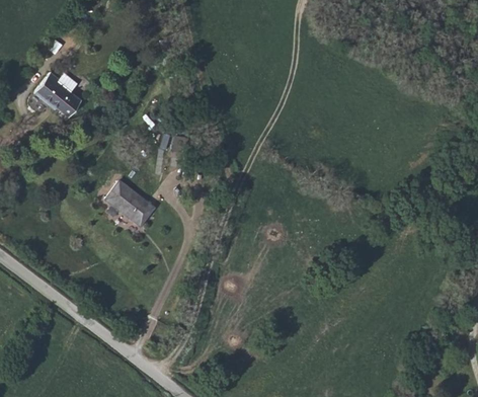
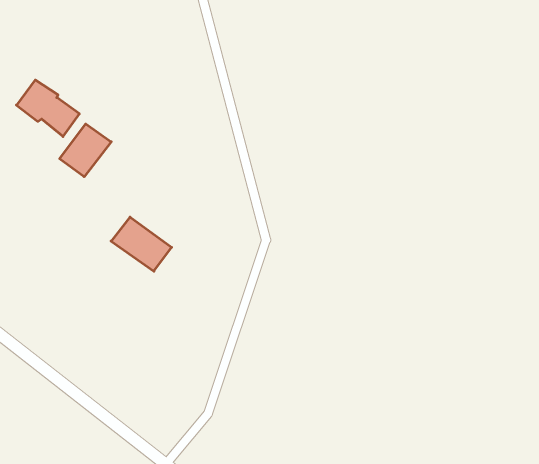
building: none -> [60,124,111,177]

